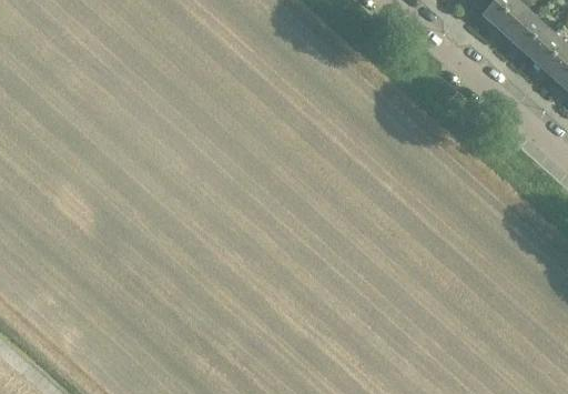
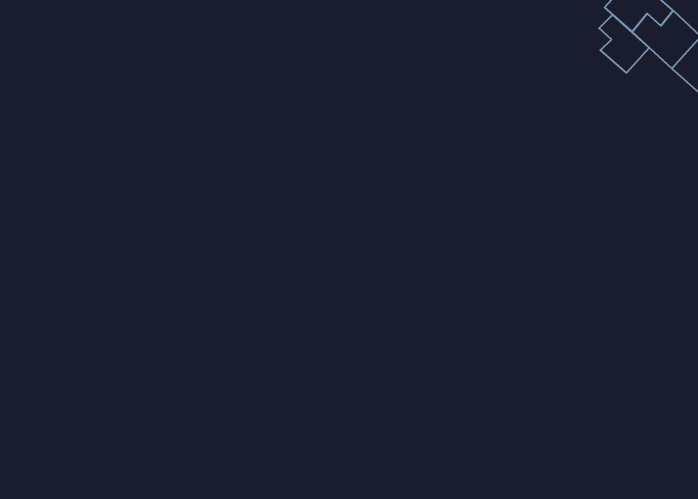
building: none -> [599,15,649,73]

